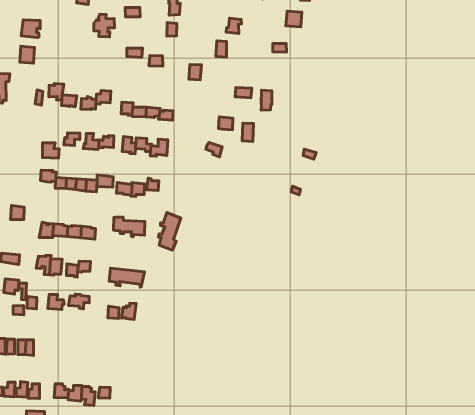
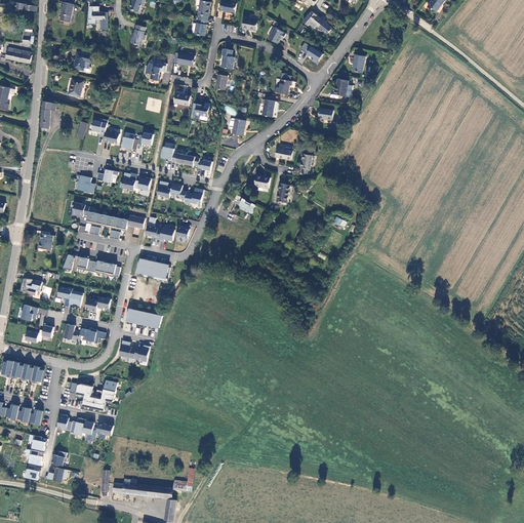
building: [159,213,181,250] -> none
building: none -> [68,379,115,409]

